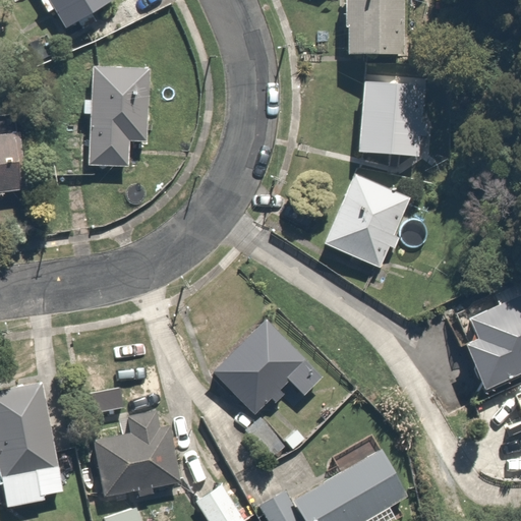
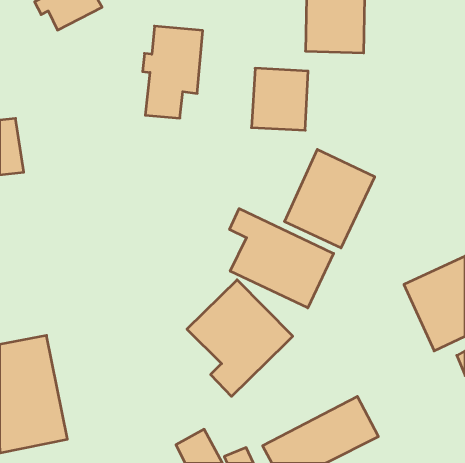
building: [83,68,151,171] -> [143,26,203,118]
building: [356,90,419,159] -> [251,68,308,130]
building: none -> [230,209,334,308]
building: [91,402,181,497] -> none

